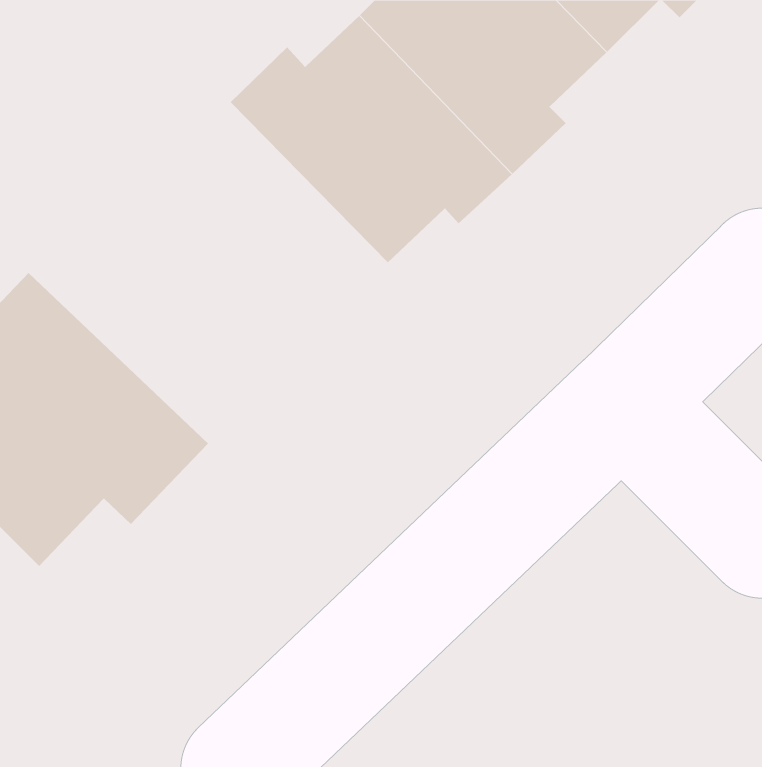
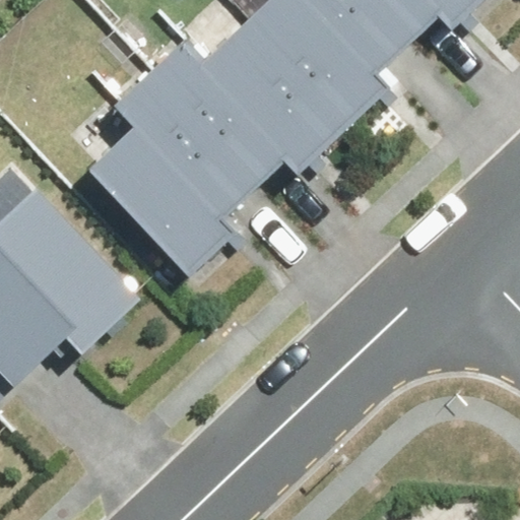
building: none -> [94,70,262,262]

